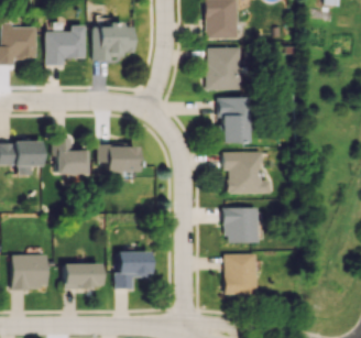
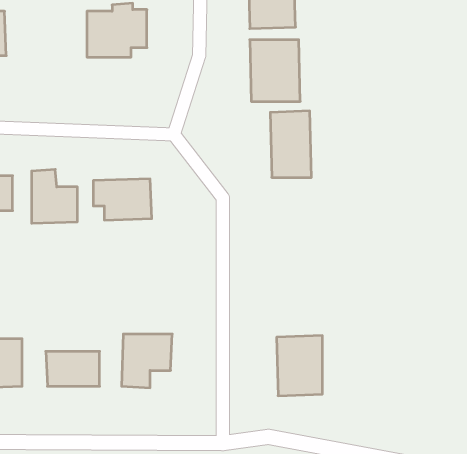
building: [45,26,86,65] -> none
building: [223,152,270,194] -> none
building: [225,208,259,243] -> none

